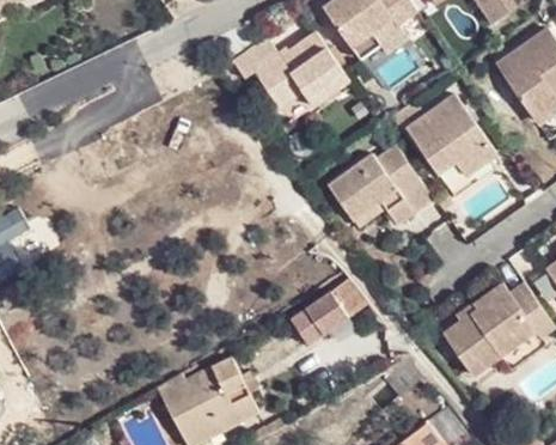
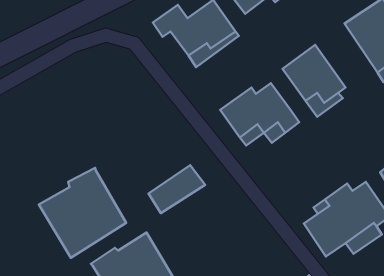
building: none -> [39,168,126,258]
building: [289,279,366,343] -> [148,165,205,213]

